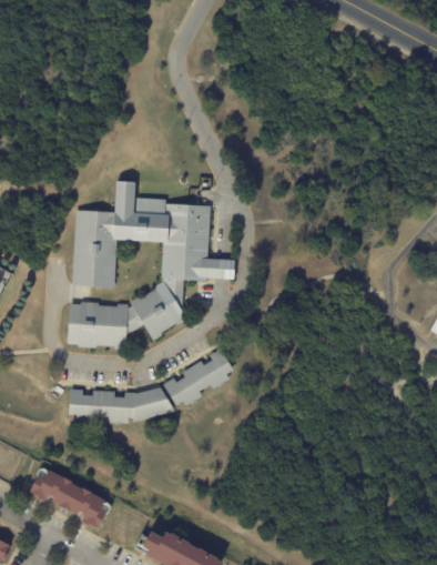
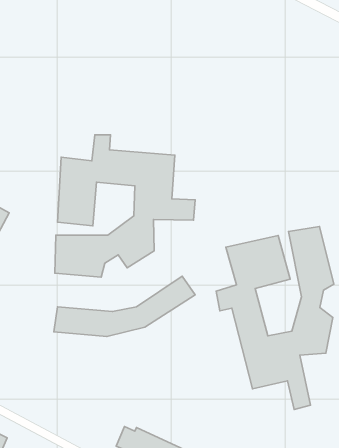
building: none -> [216,226,334,410]
building: [29,470,106,528] -> none

